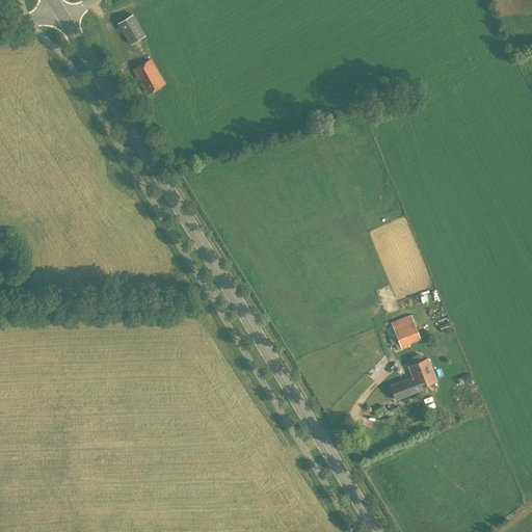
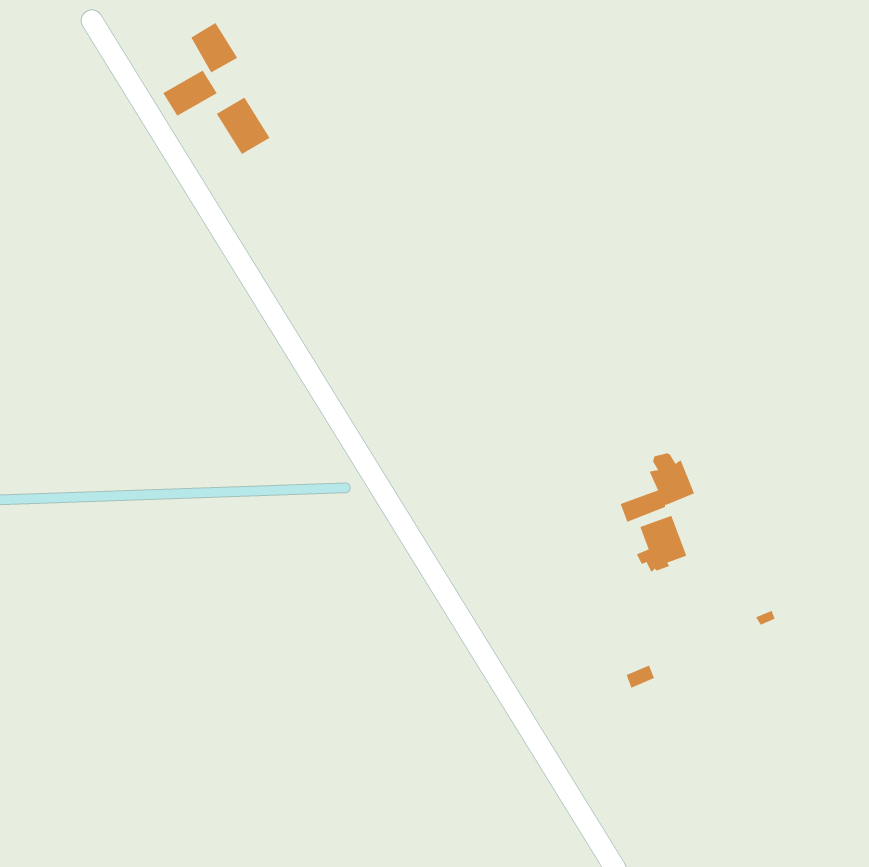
building: none -> [163,70,217,117]
building: [390,355,435,398] -> [620,453,695,522]

